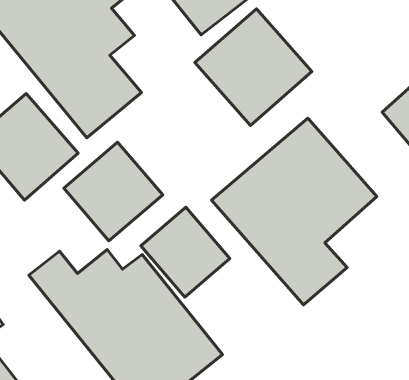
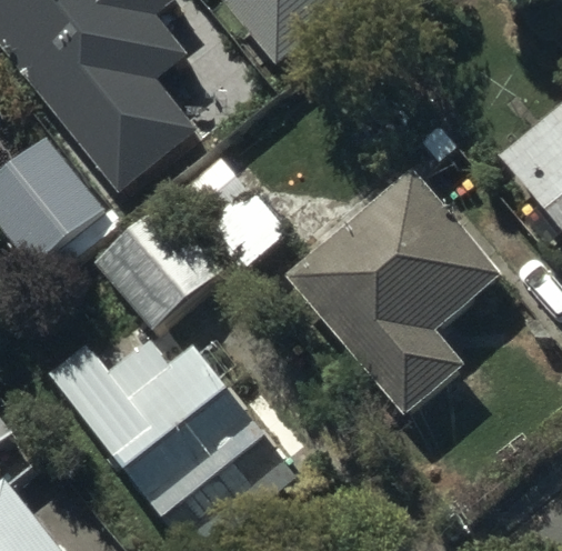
building: [195,9,312,125] -> none
building: [141,207,230,297] -> none

